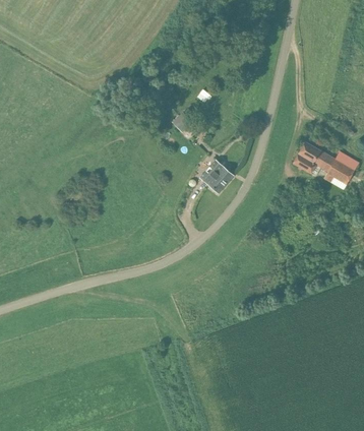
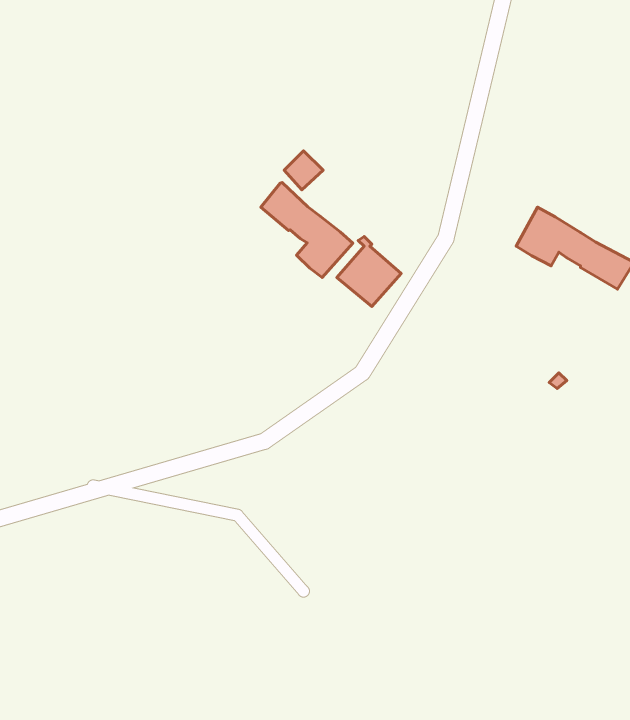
building: none -> [261,183,353,278]

